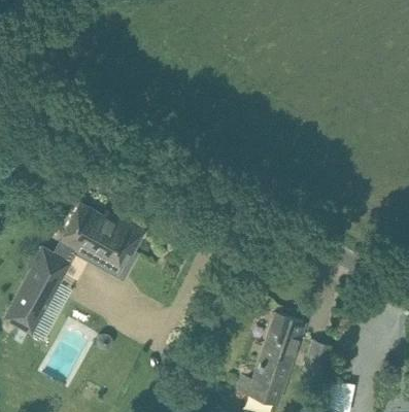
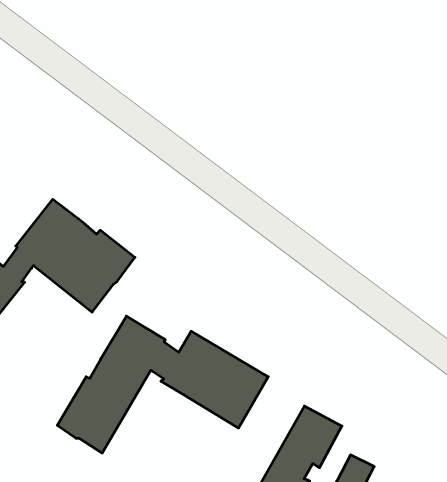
building: none -> [57,316,268,453]

